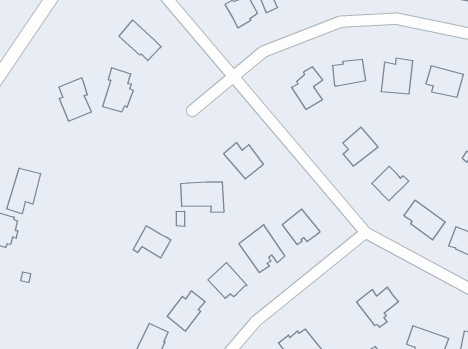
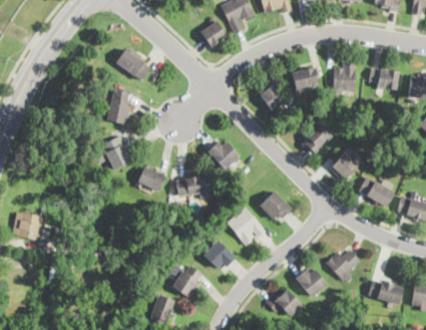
building: [59,78,91,121] -> [103,134,131,171]
building: [7,168,41,214] -> none
building: [133,226,171,258] -> [136,166,166,191]
building: none -> [296,269,327,297]

